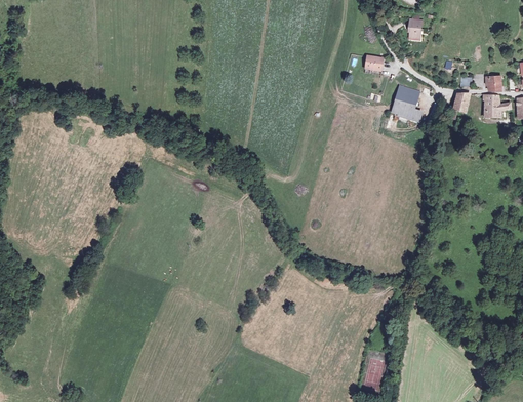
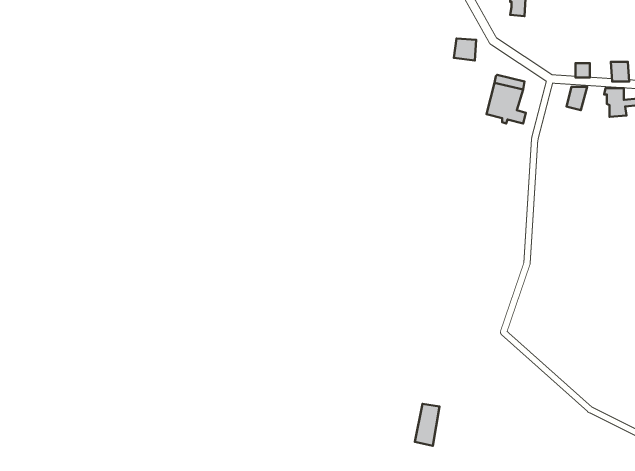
building: [363,357,383,390] -> [415,404,440,446]

